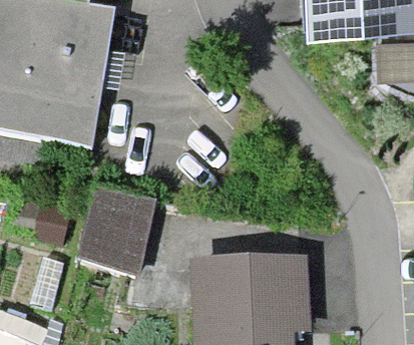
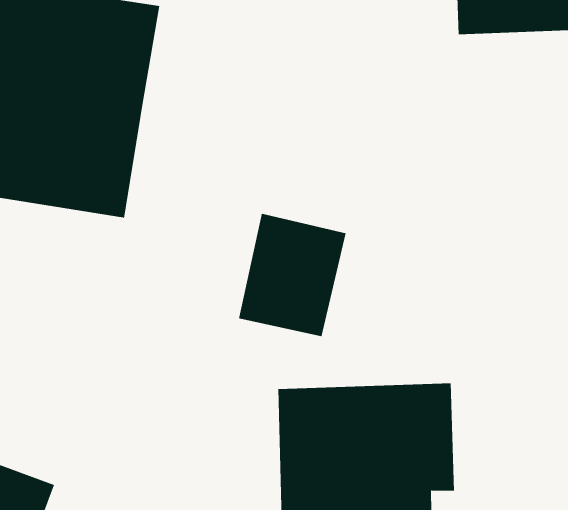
building: [82,189,153,270] -> [238,213,347,337]

